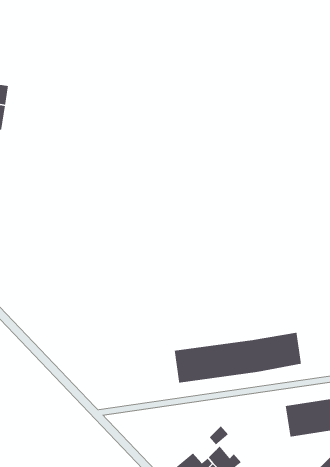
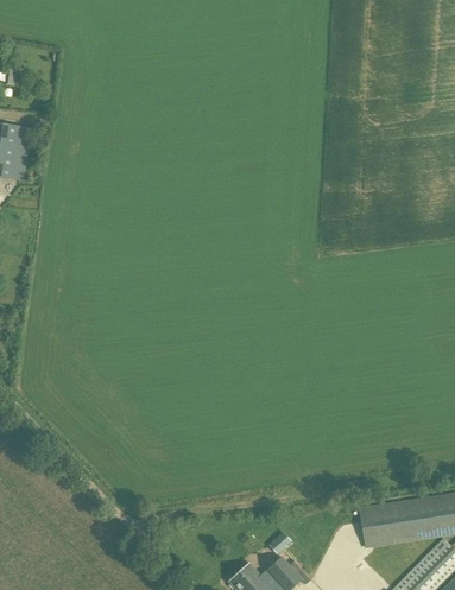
building: [174,332,302,384] -> none

